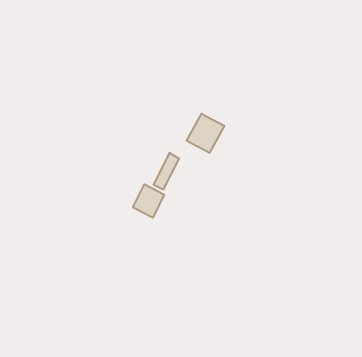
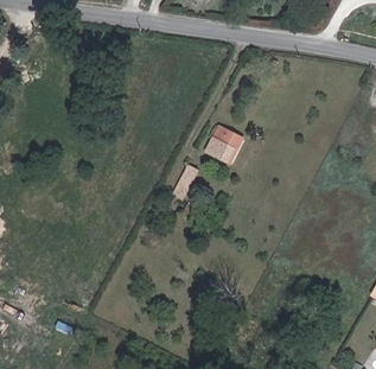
building: [133,184,164,218] -> none

